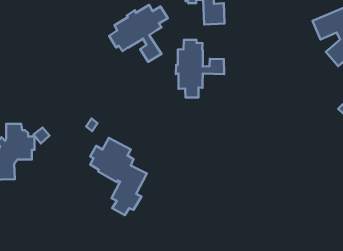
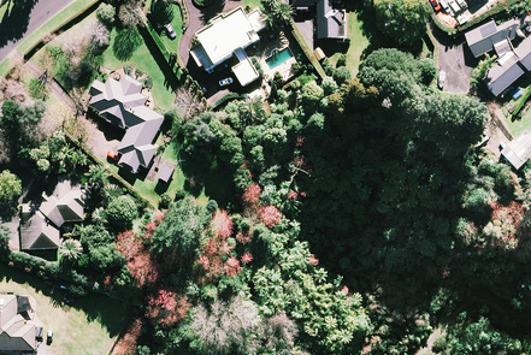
building: [176,40,224,97] -> none
building: [90,138,147,215] -> [87,65,164,170]

